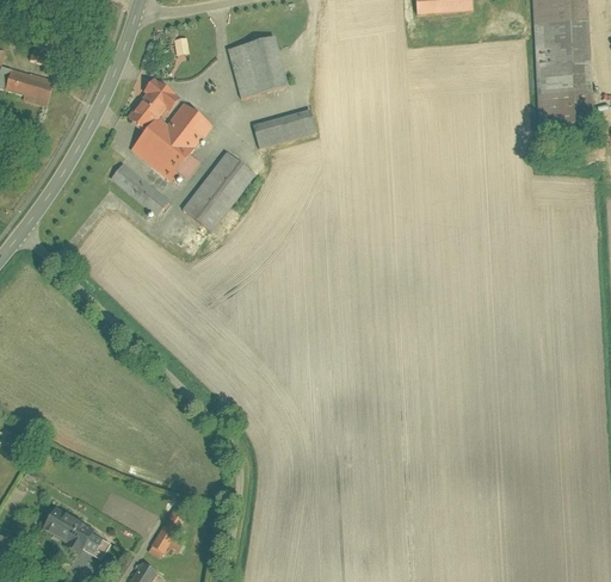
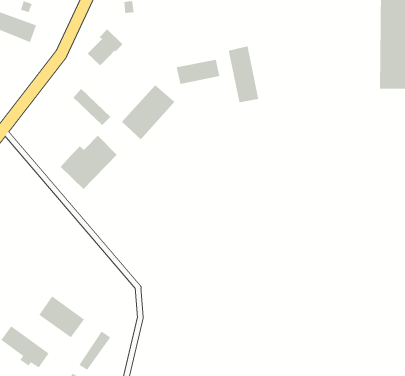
building: [228,36,289,99] -> none
building: none -> [228,46,259,103]
building: [134,99,214,178] -> [60,135,118,190]
building: none -> [38,295,85,338]

